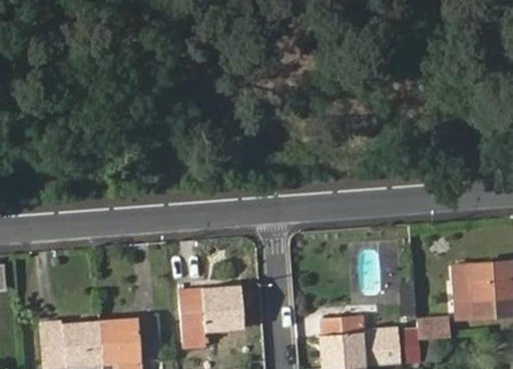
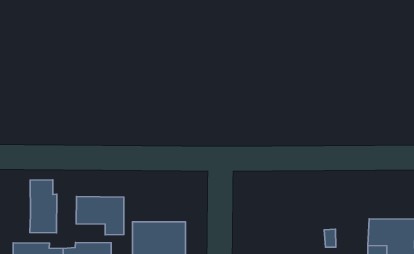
building: none -> [30,180,57,233]
building: none -> [76,197,124,235]

